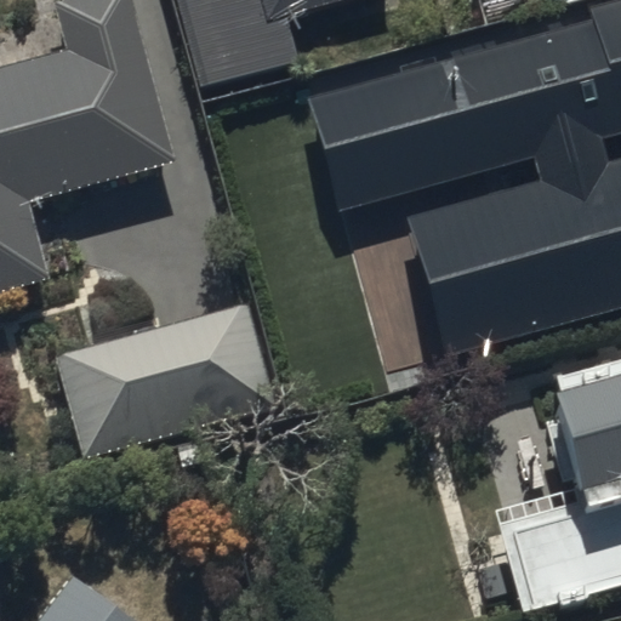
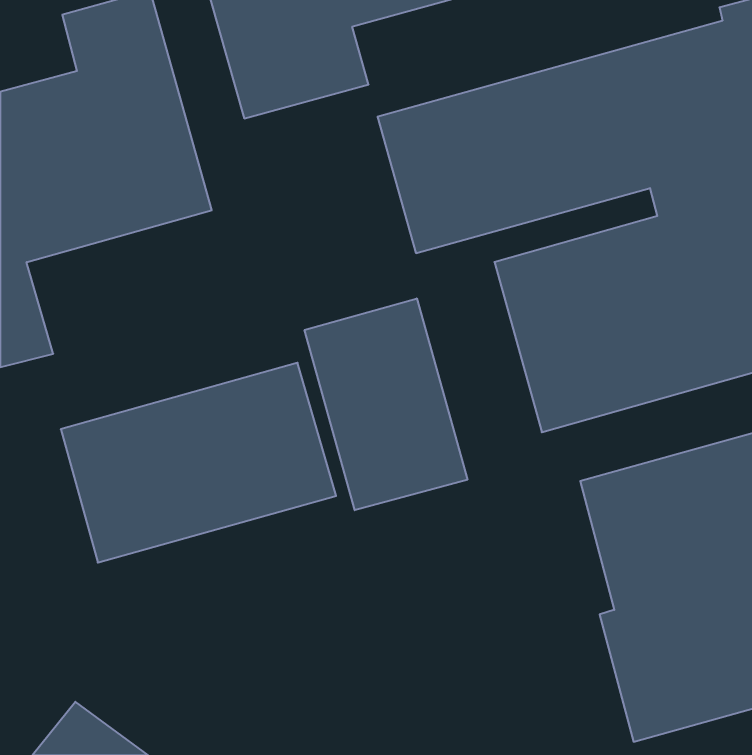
building: none -> [305,298,467,510]

